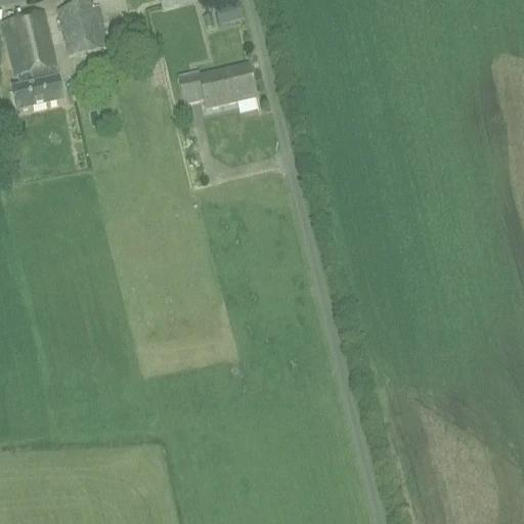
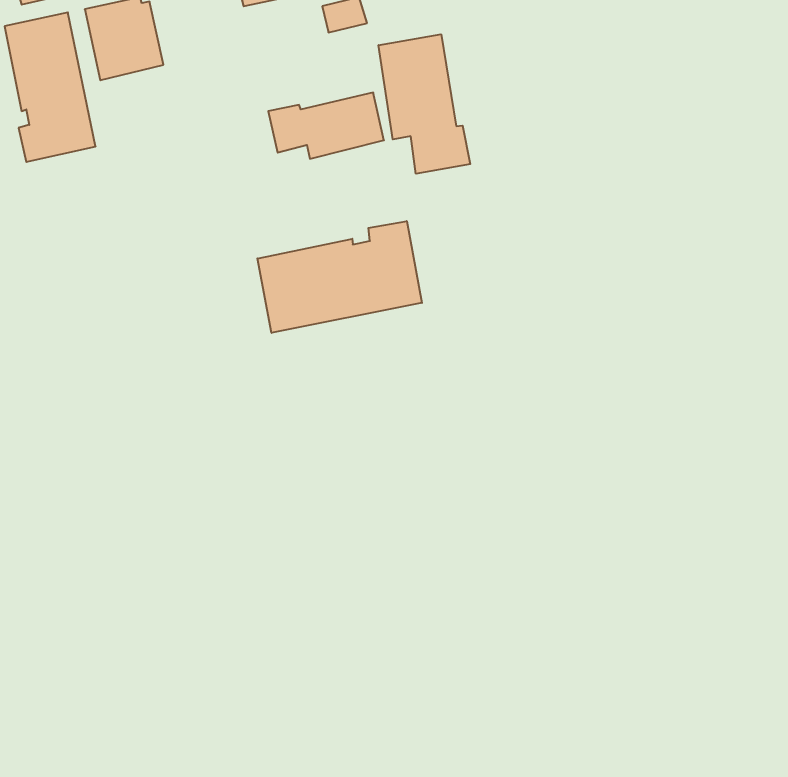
building: none -> [379,34,470,174]
building: none -> [257,221,422,333]

